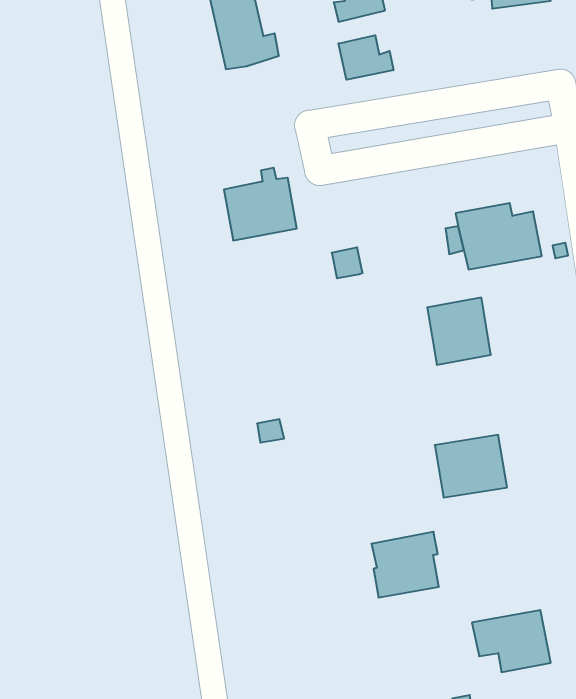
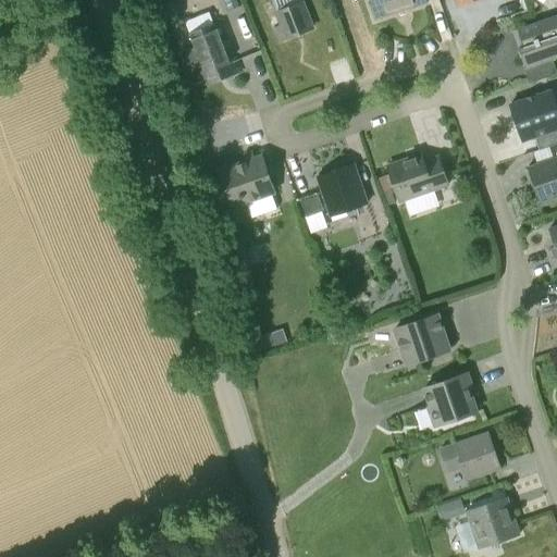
building: [338,35,393,80] -> none
building: [427,298,491,365] -> [318,164,368,216]
building: [371,532,439,597] -> [424,373,476,425]

